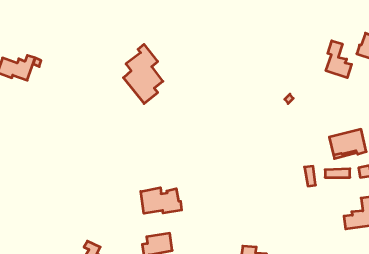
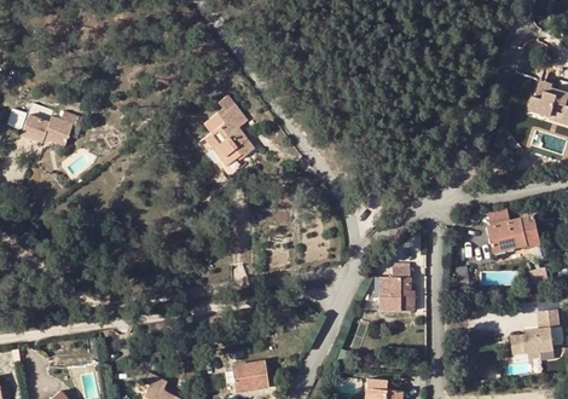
building: [326,41,352,78] -> none
building: none -> [381,270,412,312]
building: [141,188,182,213] -> none

